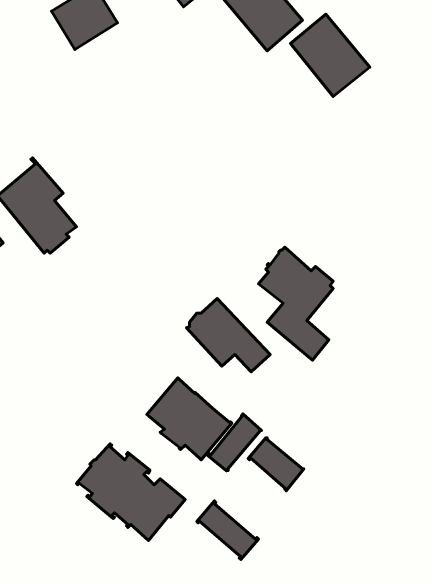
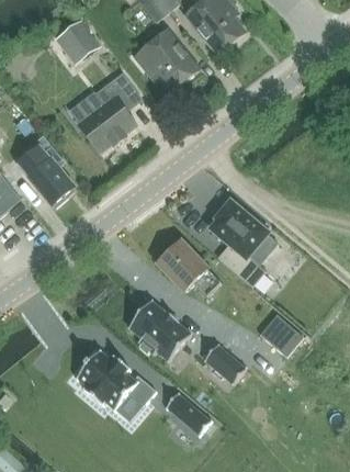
building: [291,14,370,96] -> [140,30,200,91]
building: none -> [78,75,142,153]
building: none -> [260,314,304,357]
building: [208,414,262,471] -> none

